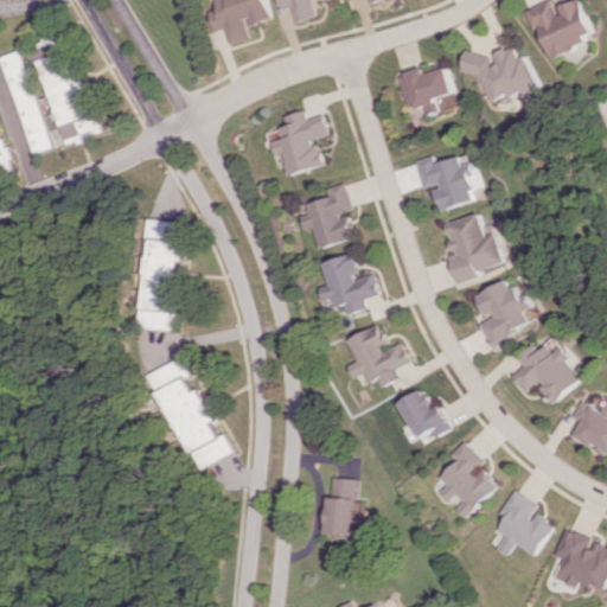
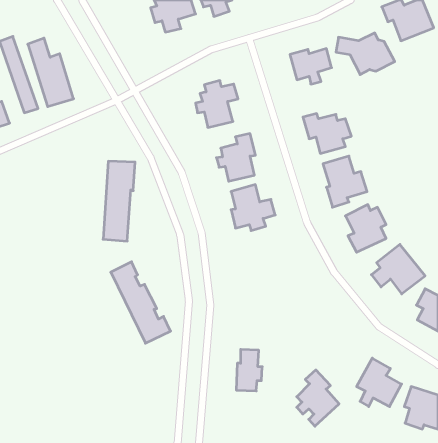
building: [343,325,407,386] -> none
building: [395,389,448,437] -> none
building: [435,441,493,518] -> [297,370,339,426]

